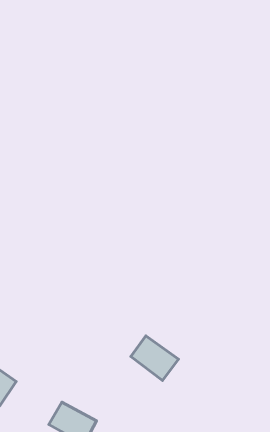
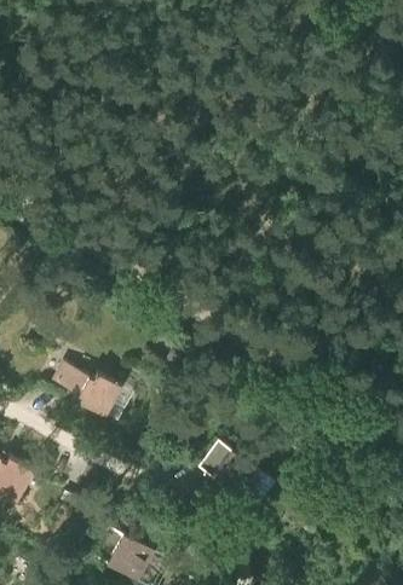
building: none -> [51,358,121,412]

